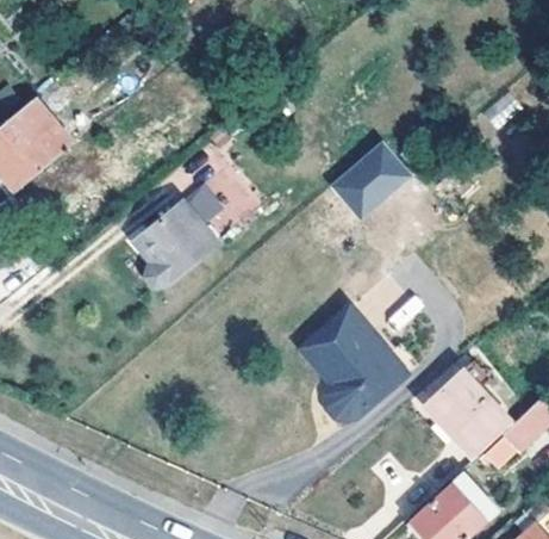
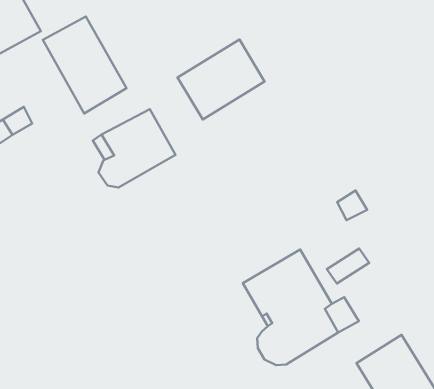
building: none -> [43,16,126,113]
building: [326,140,410,222] -> [178,40,265,119]

